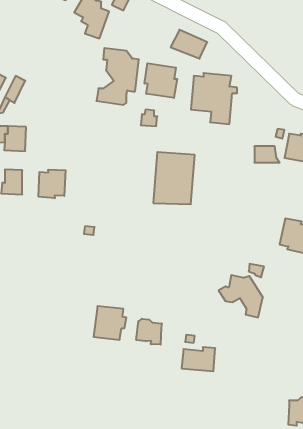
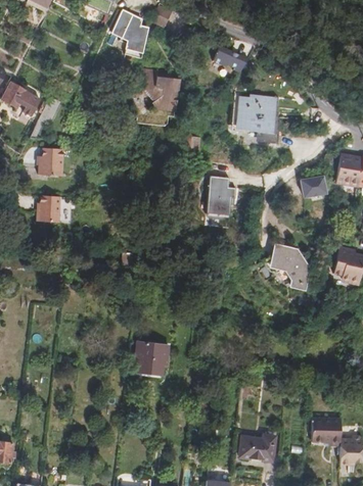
building: [145,63,177,98] -> none
building: [39,170,66,198] -> none
building: [219,275,263,317] -> [261,245,308,290]
building: [136,319,162,345] -> none
building: [182,347,215,371] -> [239,435,275,460]
building: none -> [313,418,343,445]

